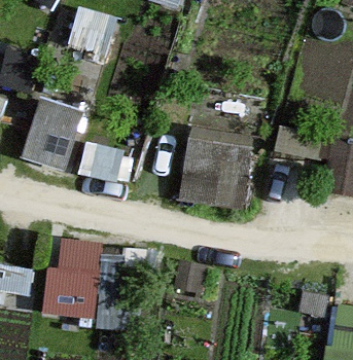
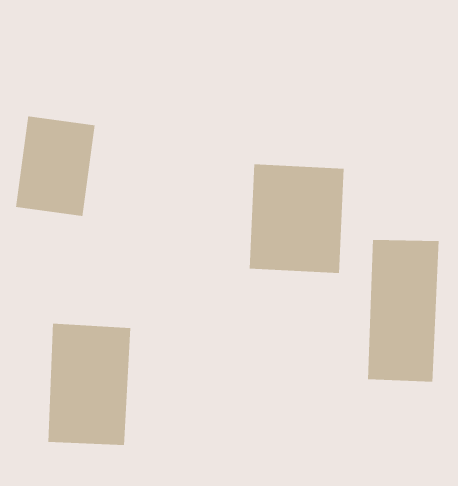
building: none -> [368,239,439,383]

